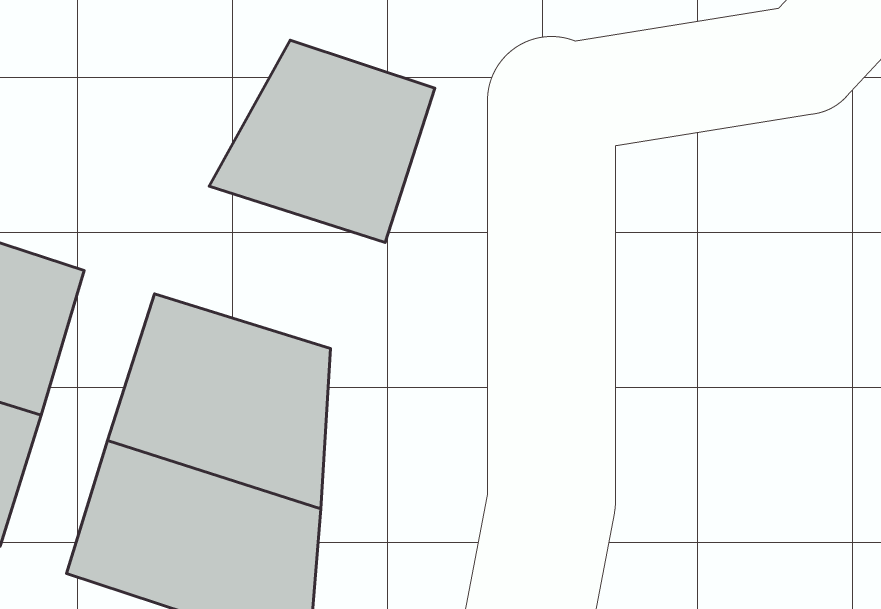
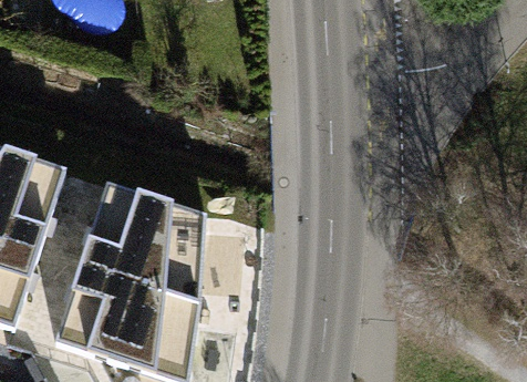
building: [209,40,435,242] -> none

